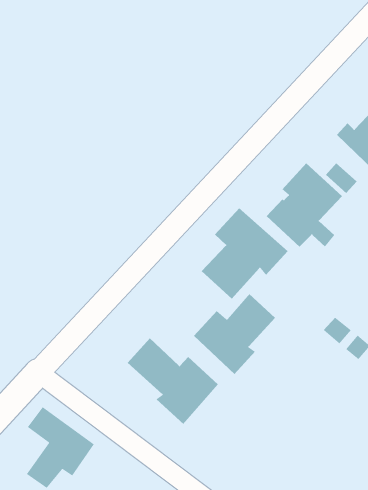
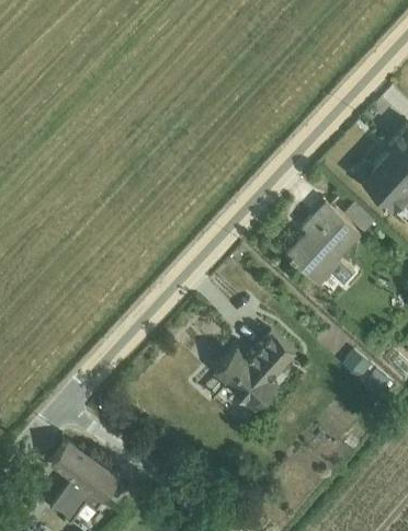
building: [201,207,289,300] -> none
building: [127,337,219,425] -> none

